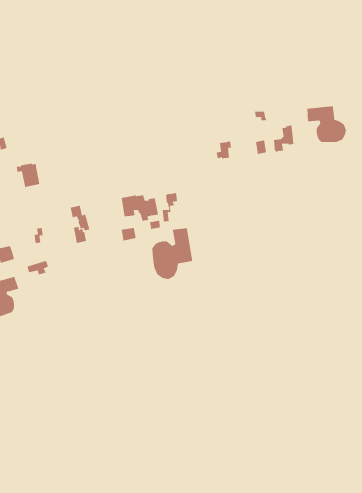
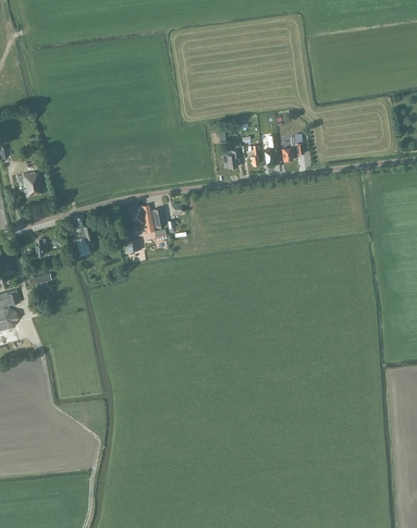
building: [307,106,346,143] -> none
building: [152,227,193,280] -> none

